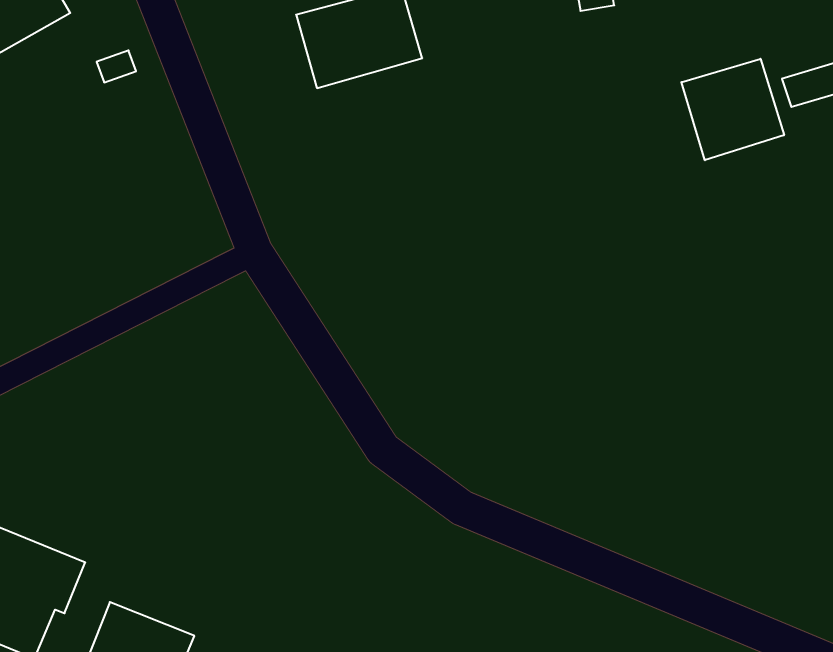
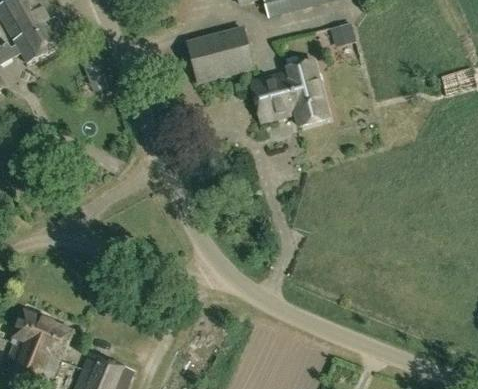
building: none -> [249,61,327,127]
building: [681,59,784,160] -> none

